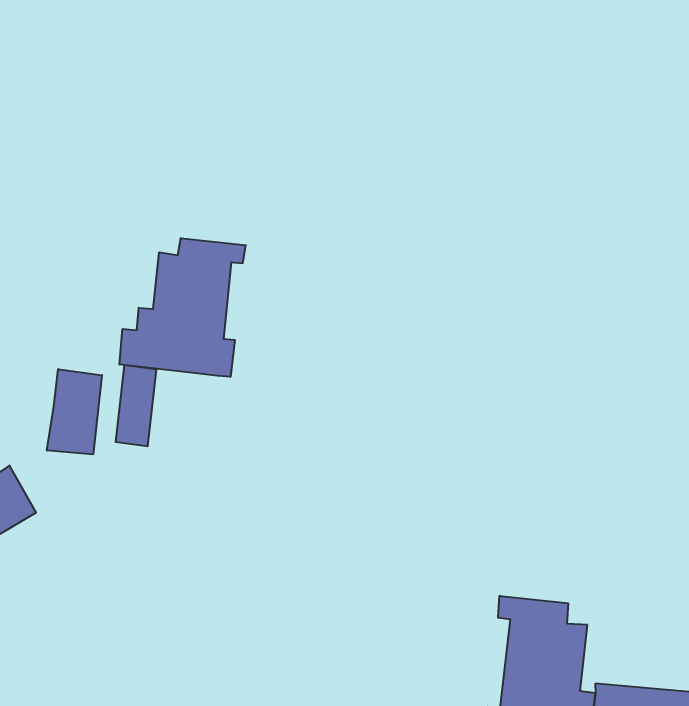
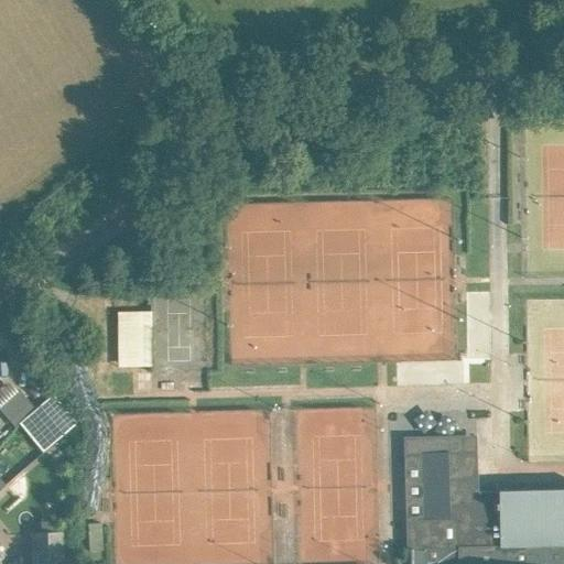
building: [120,238,246,377] -> none
building: [47,369,102,454] -> none

